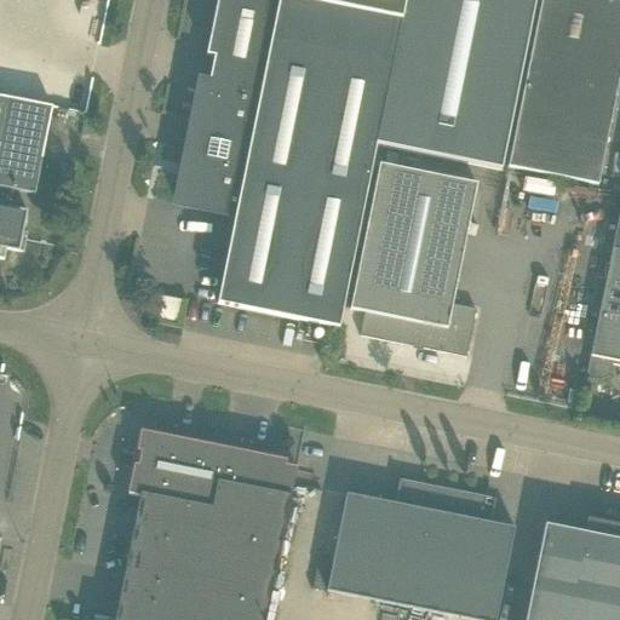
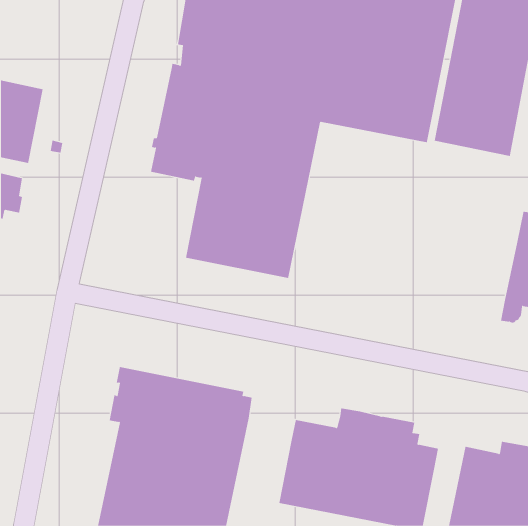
building: [350,162,477,355] -> none

